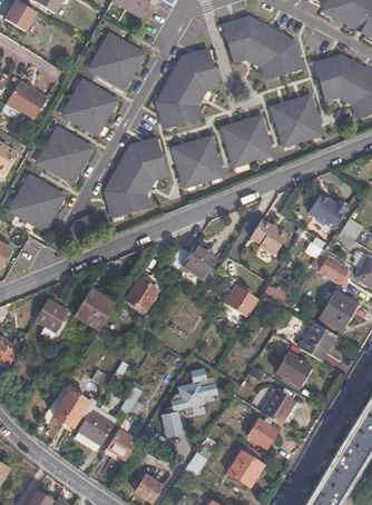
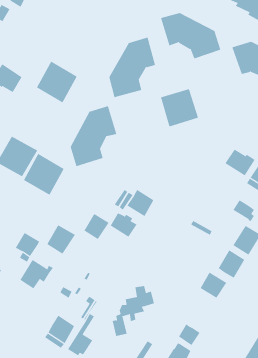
building: [90,32,144,87] -> none
building: [273,95,323,143] -> none
building: [39,127,92,181] -> [23,153,64,196]
building: [174,136,224,185] -> none
building: [249,222,285,258] -> none
building: [224,285,260,317] -> [110,213,137,237]
building: [52,388,97,427] -> [19,259,54,289]
building: [260,388,295,425] -> none

